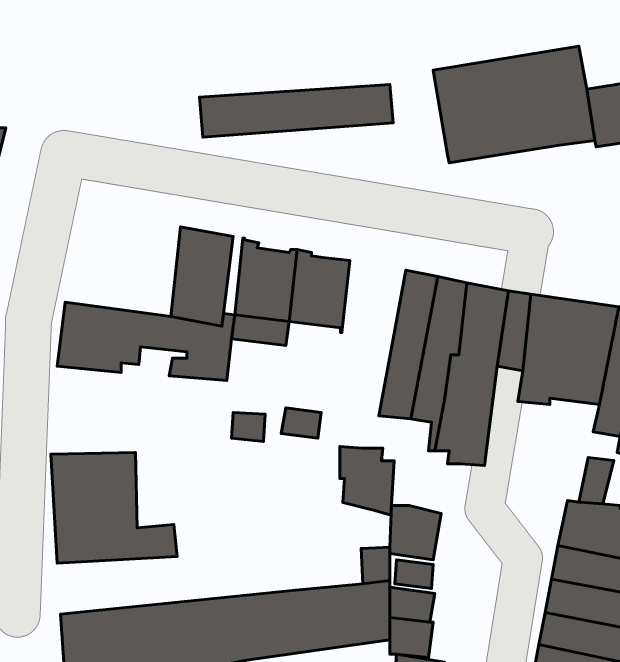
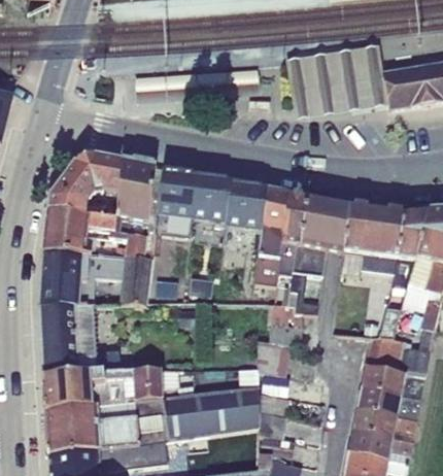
building: none -> [48,152,123,216]
building: none -> [227,180,268,231]
building: none -> [39,248,152,305]
building: [340,446,394,515] -> [268,302,303,346]
building: none -> [43,368,197,408]

